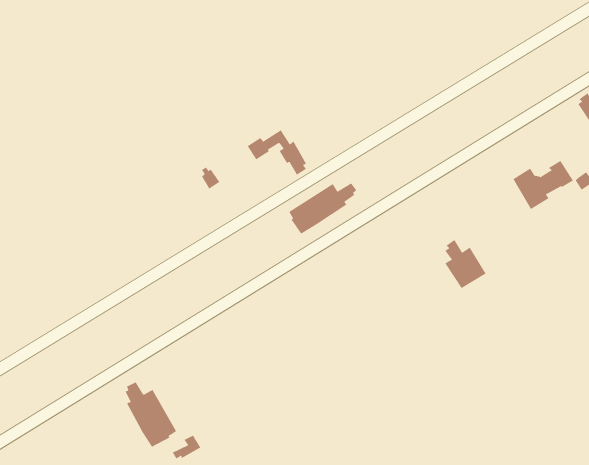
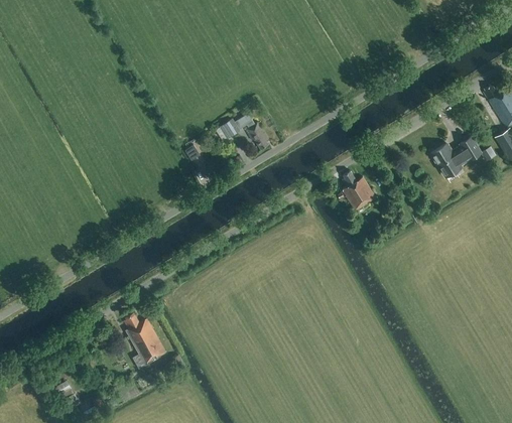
building: [289,182,357,234] -> none
building: [445,239,487,289] -> [342,171,375,210]

